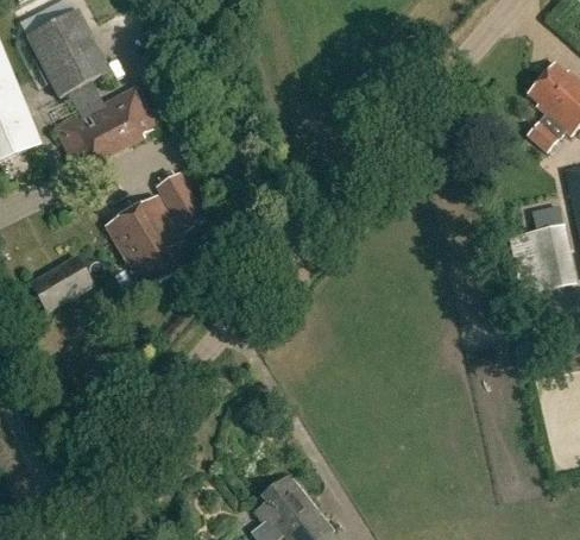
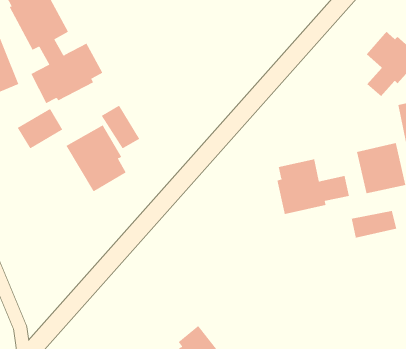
building: none -> [277,159,349,215]
building: [29,255,93,312] -> [17,108,63,149]
building: none -> [351,210,397,238]

